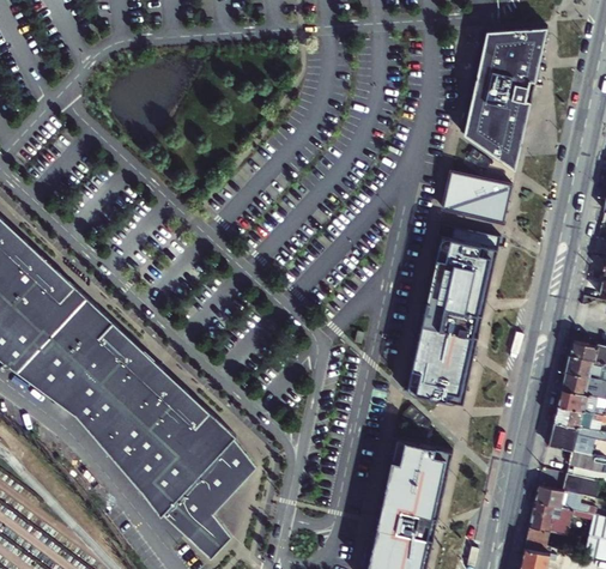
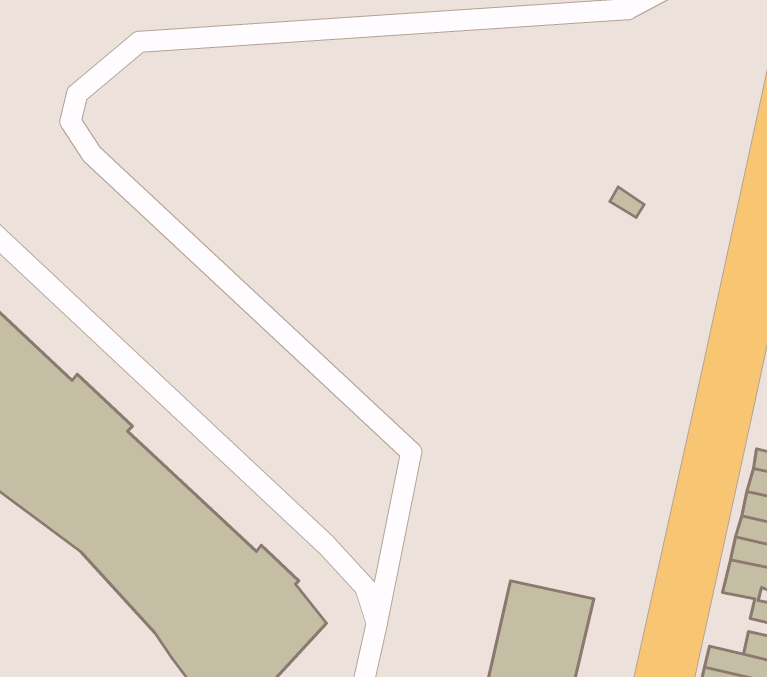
building: [459,29,545,170] -> none
building: [443,171,513,223] -> none
building: [404,236,498,404] -> none

